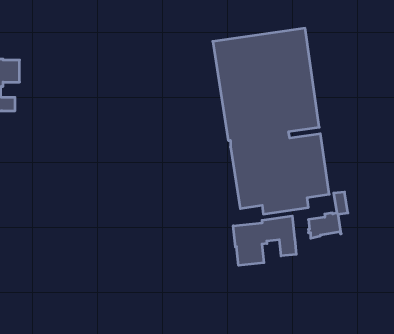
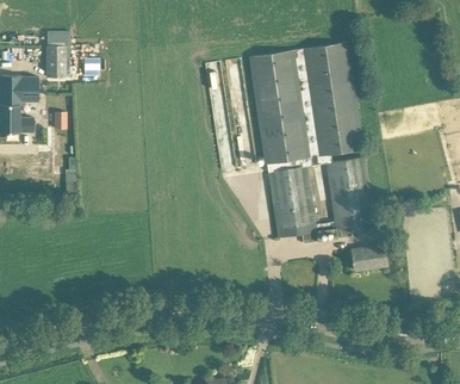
building: none -> [44,44,68,76]
building: [233,216,296,265] -> none

